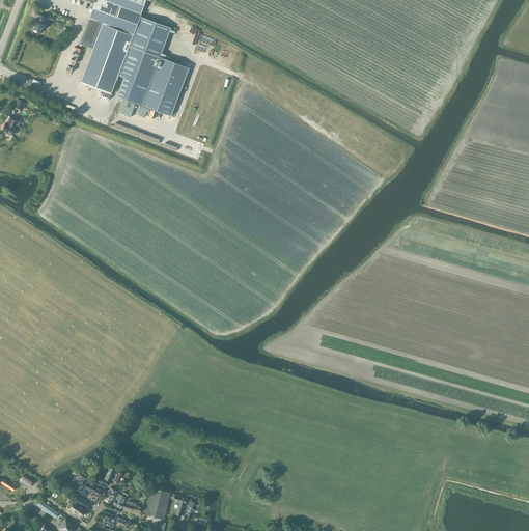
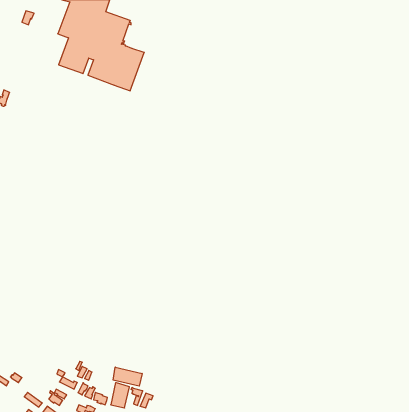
building: none -> [113,367,142,386]

